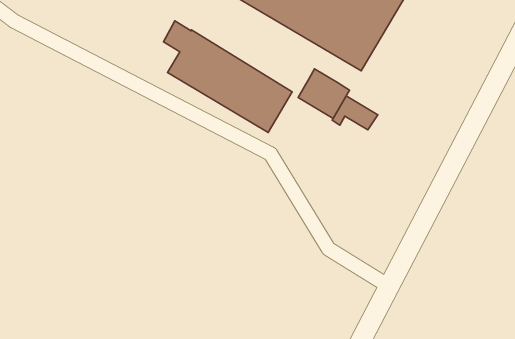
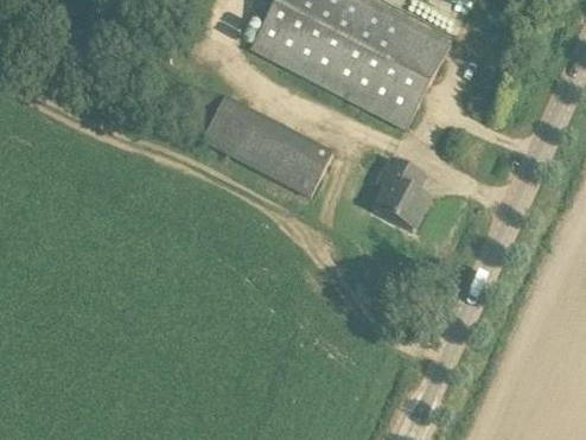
building: [298,69,349,119] -> [375,177,428,228]

